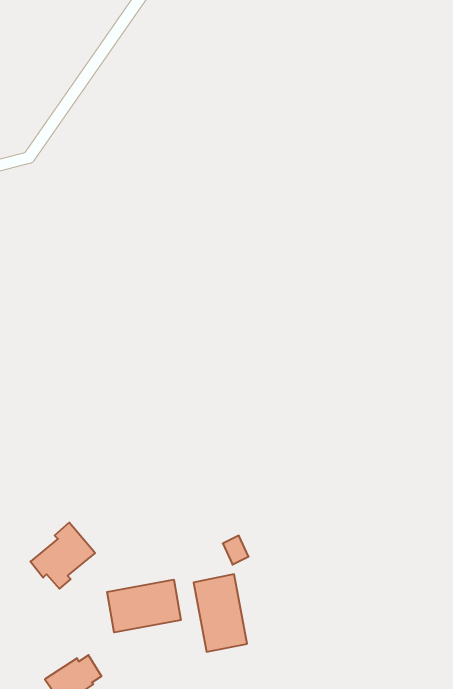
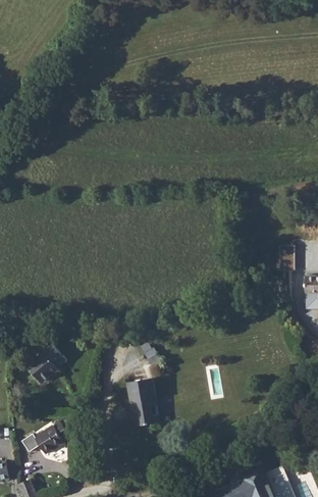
building: [107,580,181,632] -> none

